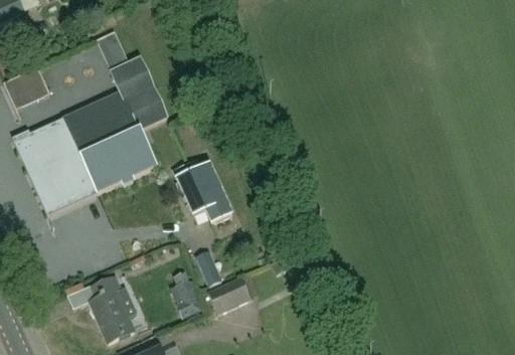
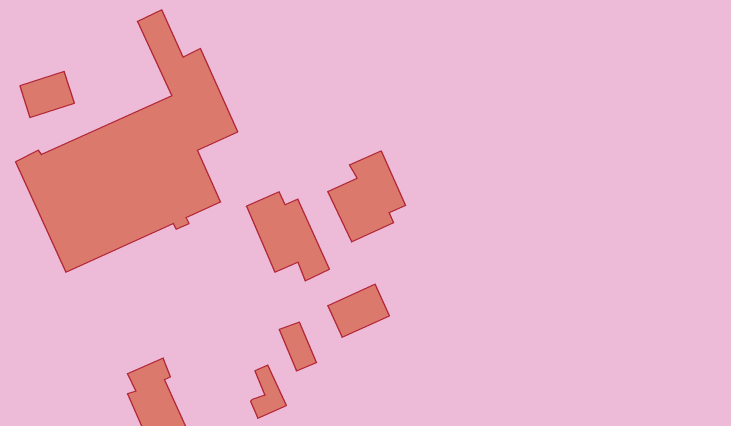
building: none -> [328,151,406,242]
building: [207,276,250,313] -> [328,284,389,337]

